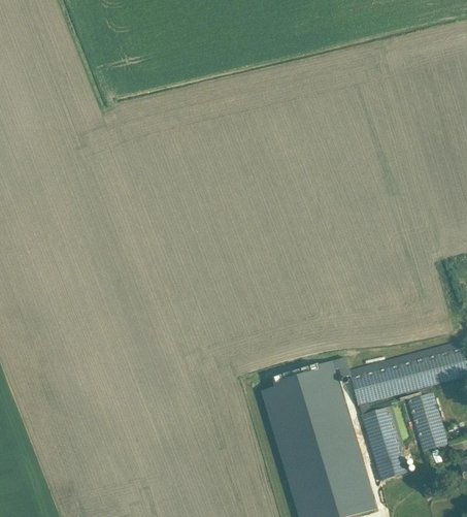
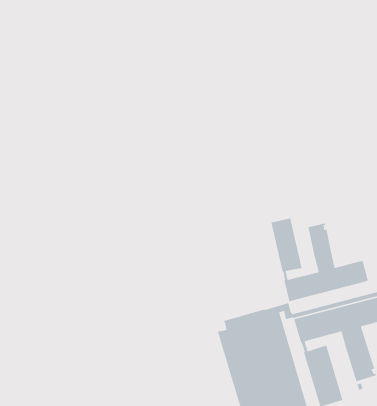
building: none -> [271,218,369,302]

